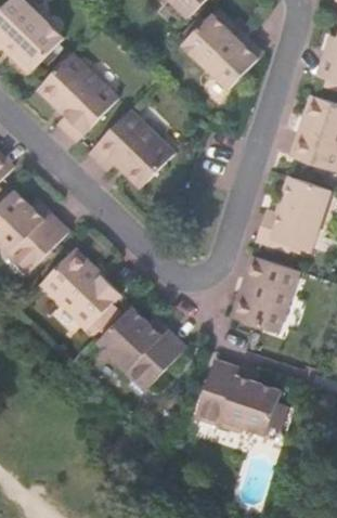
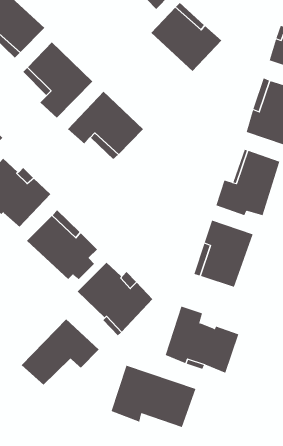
building: none -> [21,319,100,386]
building: none -> [111,365,196,428]

